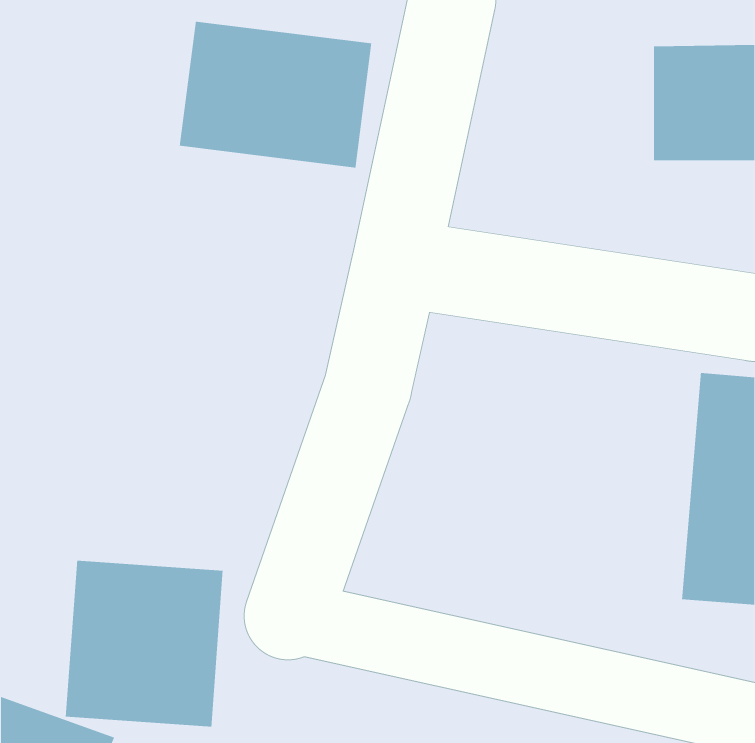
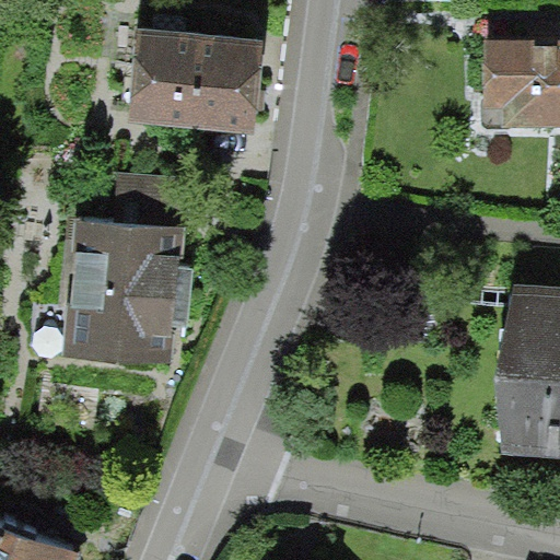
building: none -> [68,180,178,380]
building: [65,560,224,727] -> none

